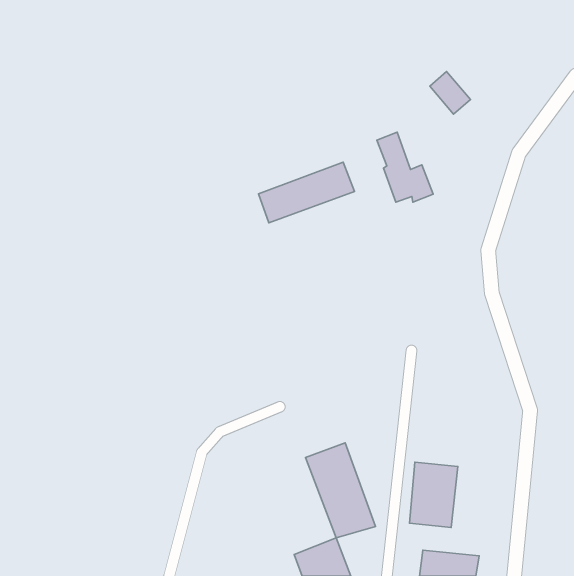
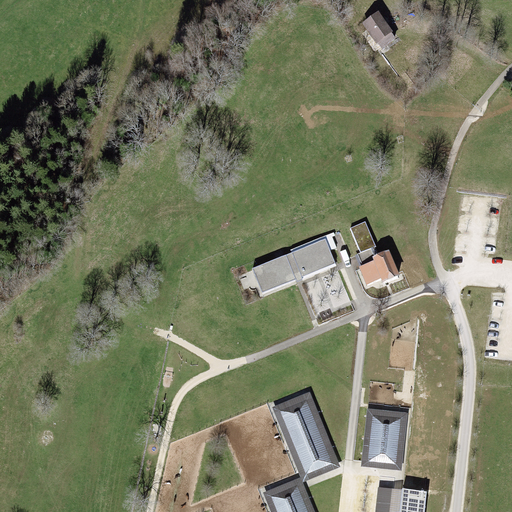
building: [430,71,470,114] -> [365,11,401,49]
building: [377,132,433,202] -> [349,221,399,283]
building: [259,162,354,223] -> [252,238,337,292]

